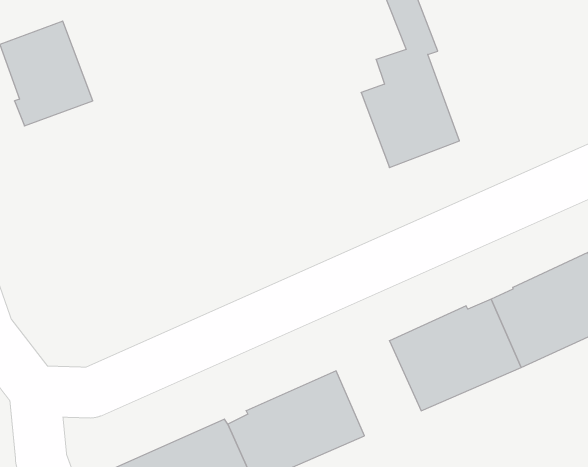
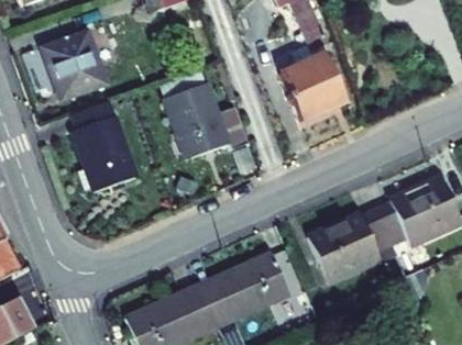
building: none -> [162,86,245,162]
building: none -> [69,98,138,189]

